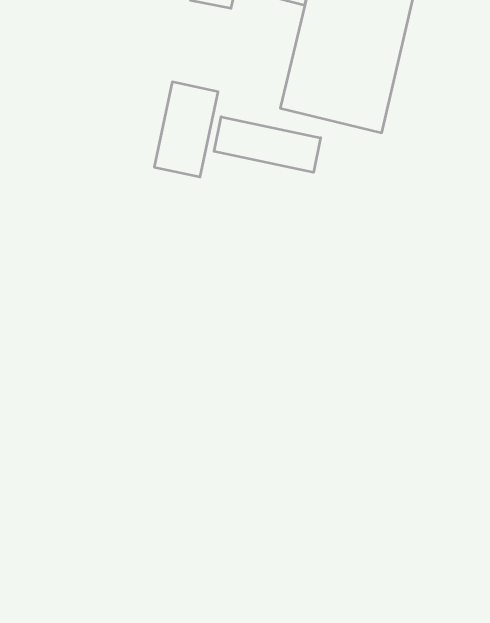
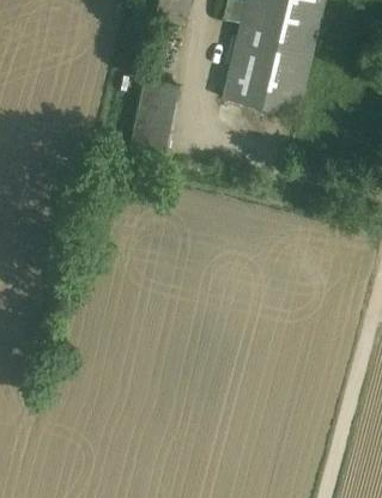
building: [214,117,321,172] -> none

